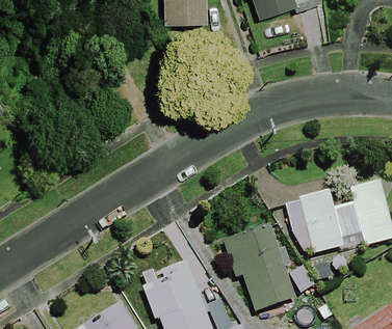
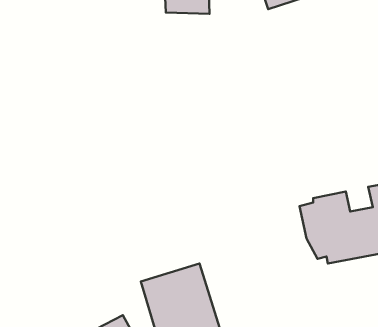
building: [224,222,295,307] -> none

